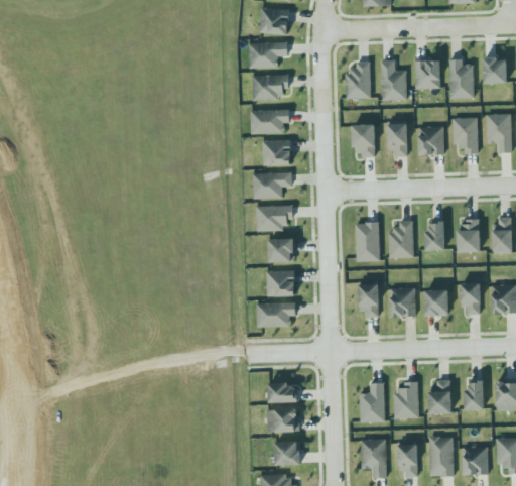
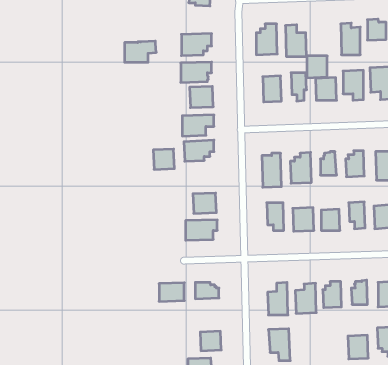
building: [249,40,288,67] -> [125,41,156,62]
building: [415,62,440,89] -> [307,56,327,78]
building: [268,236,294,261] -> [153,149,174,169]
building: [268,407,299,431] -> [159,283,184,301]
building: [428,436,454,476] -> none
building: [398,443,417,477] -> none

